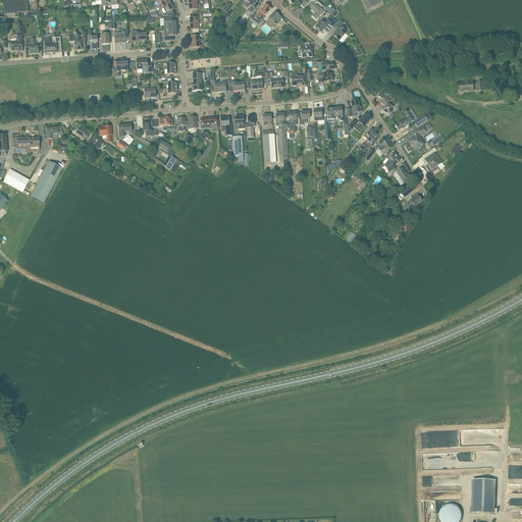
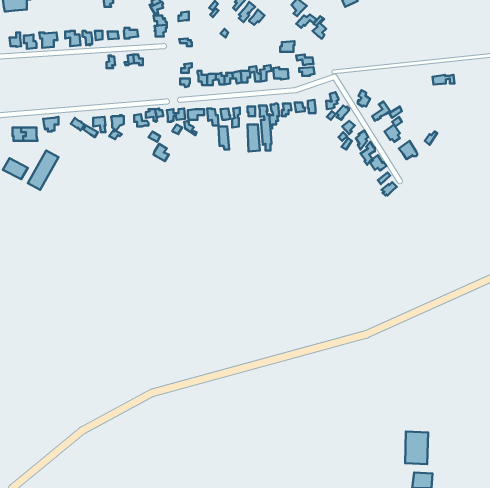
building: [472,478,497,513] -> [405,431,428,464]

